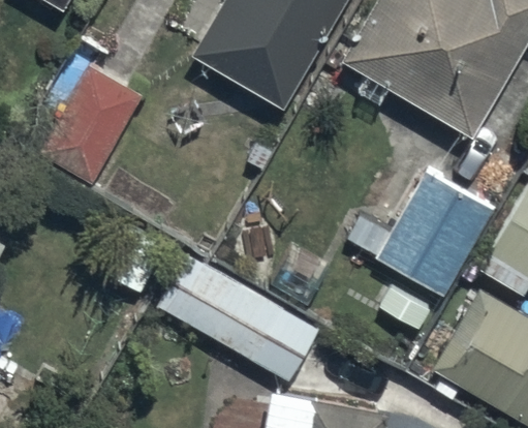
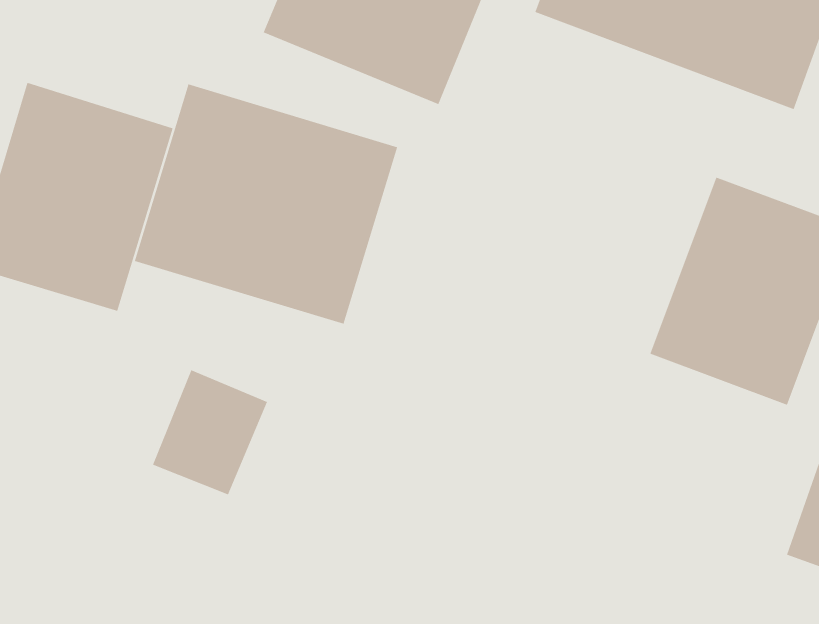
building: none -> [134,84,398,325]
building: [156,254,320,380] -> none

